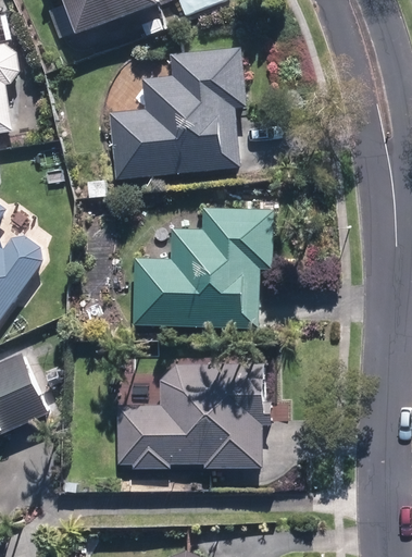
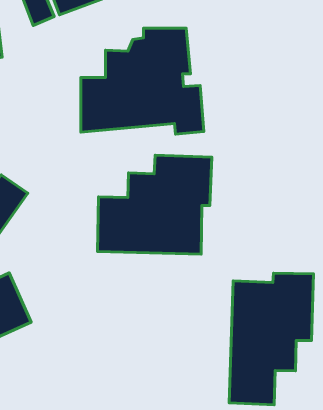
building: none -> [229,273,313,405]
building: [115,360,267,469] -> none

